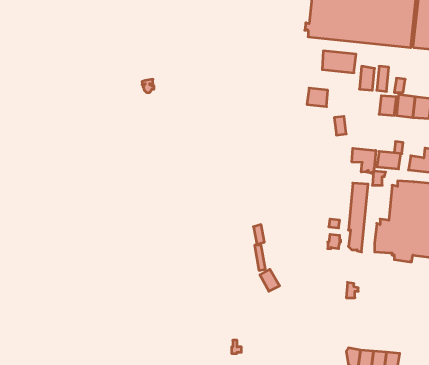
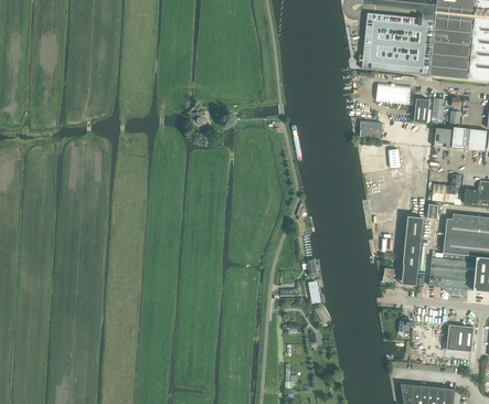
building: [352,148,376,173] -> none
building: none -> [446,323,474,351]

